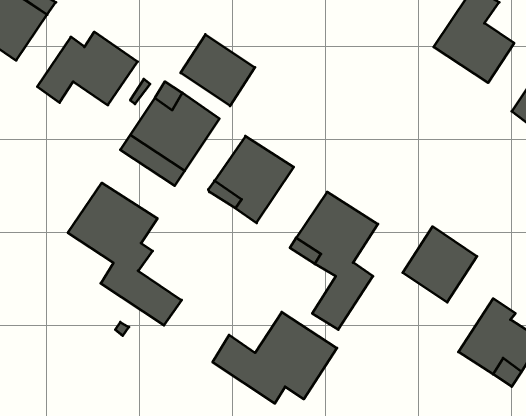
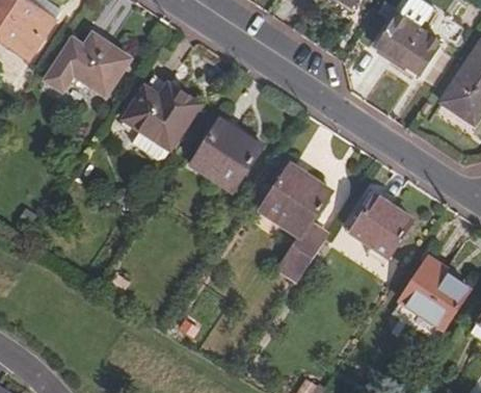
building: [181,34,255,106] -> none
building: [68,183,182,325] -> none
building: [213,312,337,403] -> none

